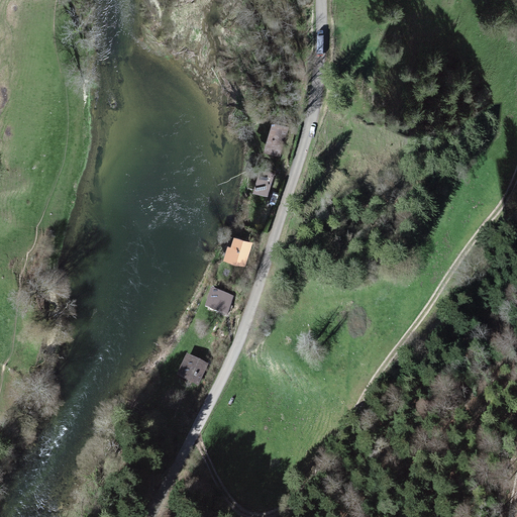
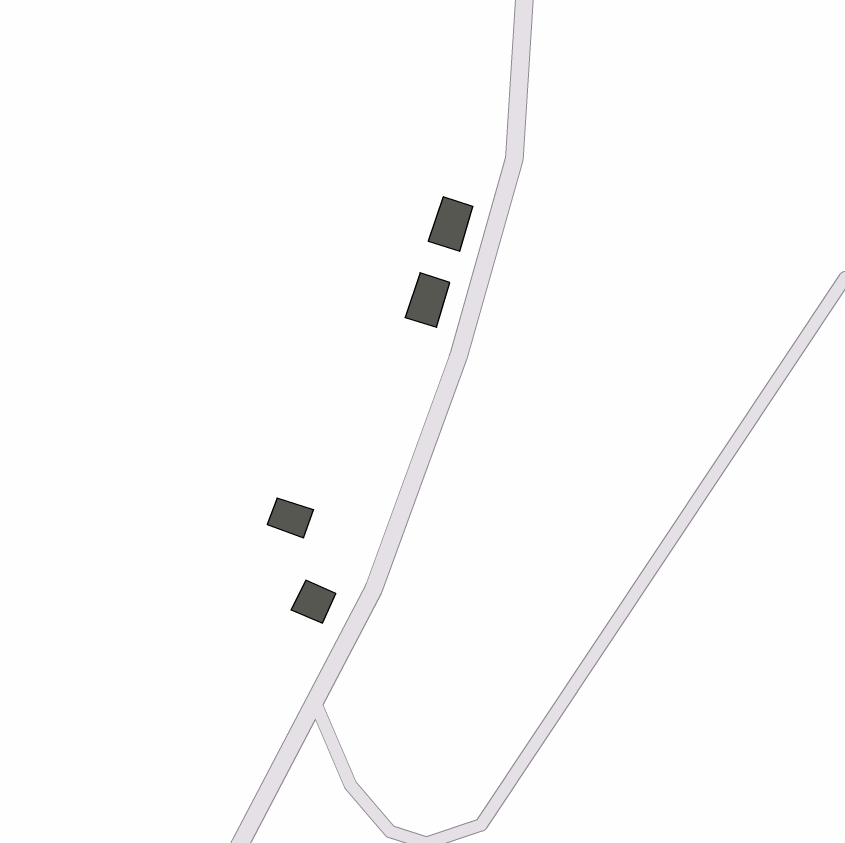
building: [224,236,252,262] -> none
building: [205,290,233,314] -> [267,498,314,538]

